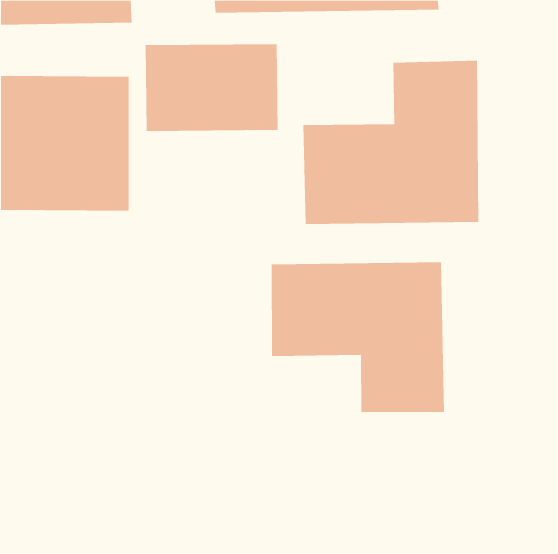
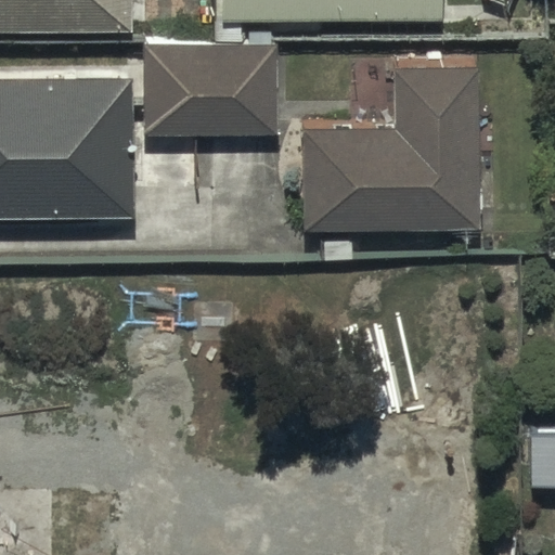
building: [271,262,444,413] -> none

